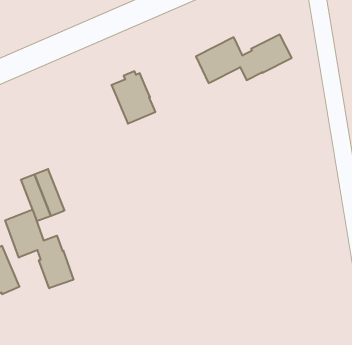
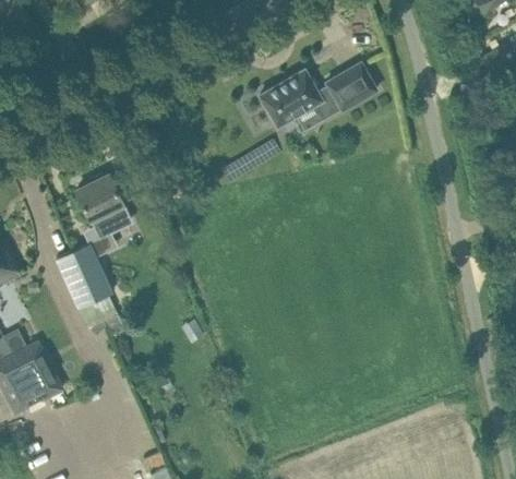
building: [111,71,155,124] -> [75,172,131,237]
building: [5,210,73,288] -> none

